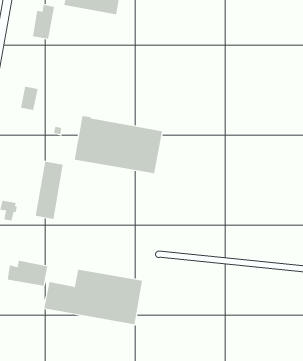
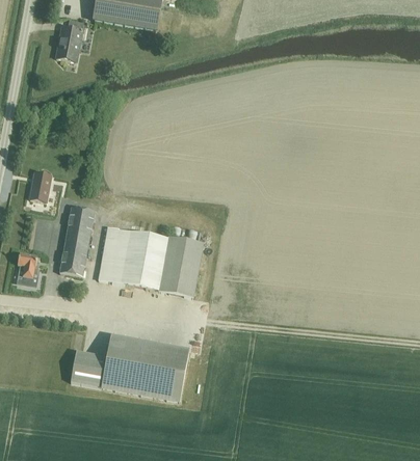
building: [20,86,38,111] -> [29,171,51,200]
building: [74,116,163,174] -> [98,225,204,295]
building: [7,260,48,287] -> none

